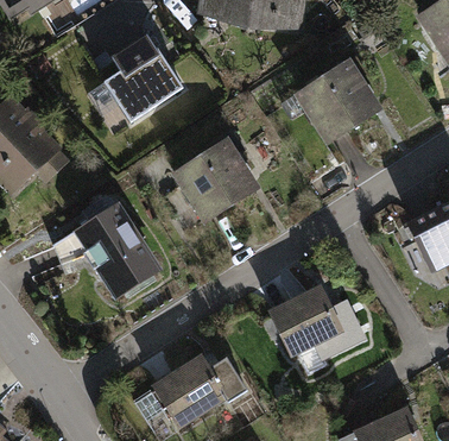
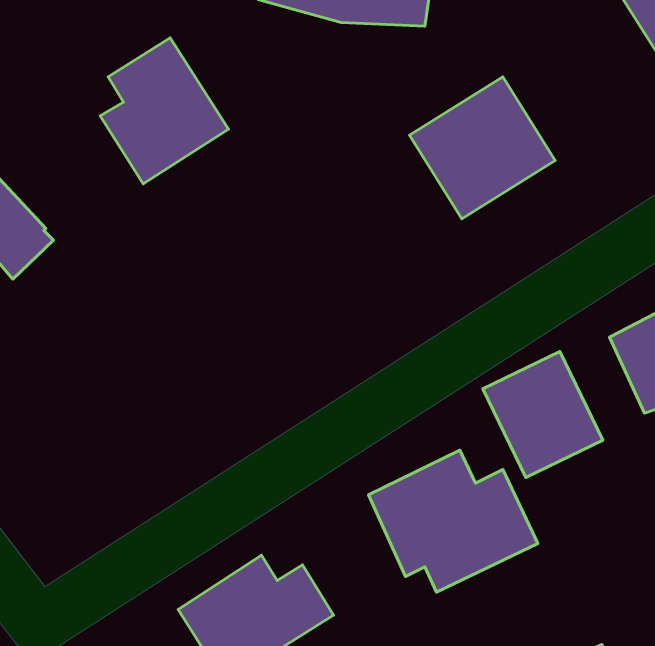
building: [170,141,257,227] -> none
building: [53,202,162,298] -> none
building: none -> [483,352,603,477]

